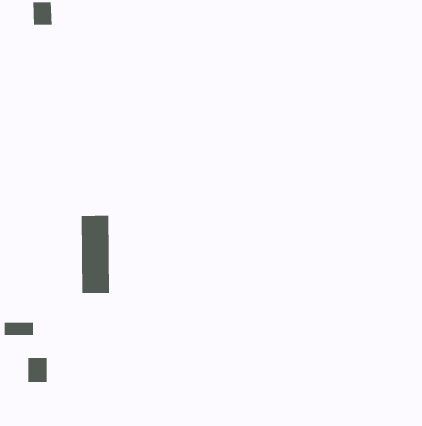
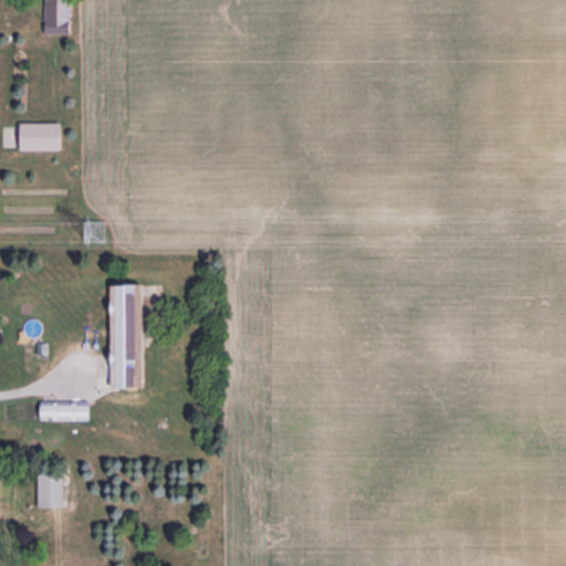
building: none -> [18,124,63,151]
building: [4,322,34,335] -> [38,402,77,420]

